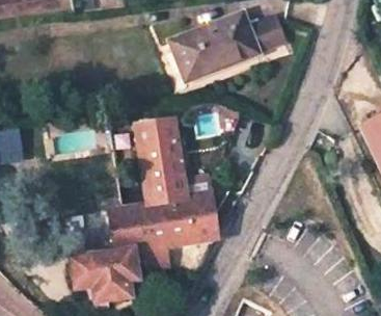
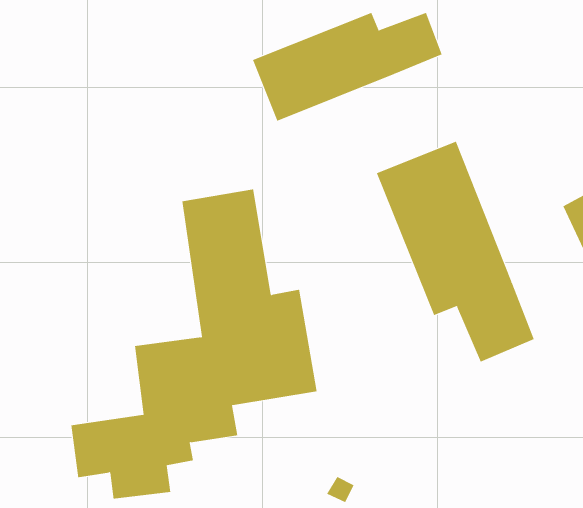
building: none -> [376,141,535,362]

